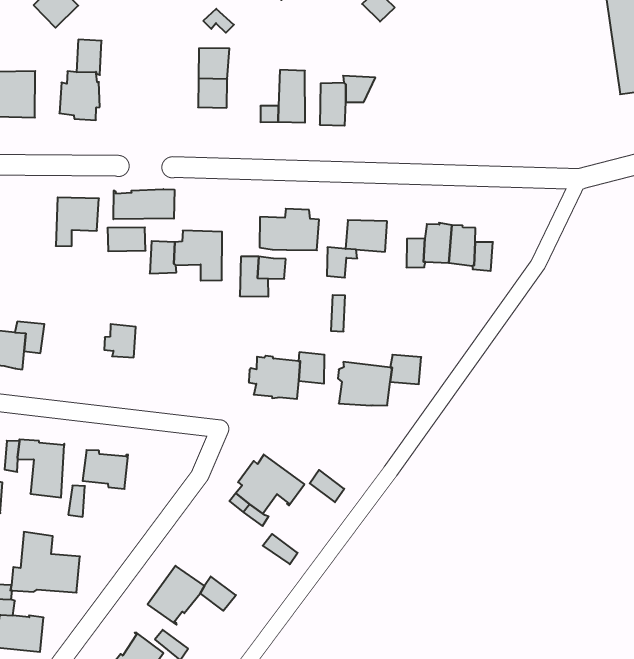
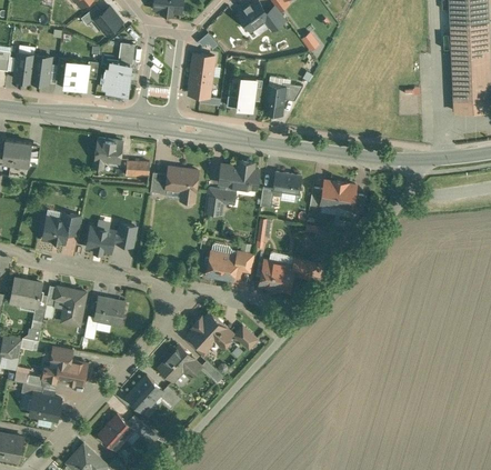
building: [113,189,174,219] -> none
building: none -> [89,224,118,251]
building: none -> [159,346,201,380]

